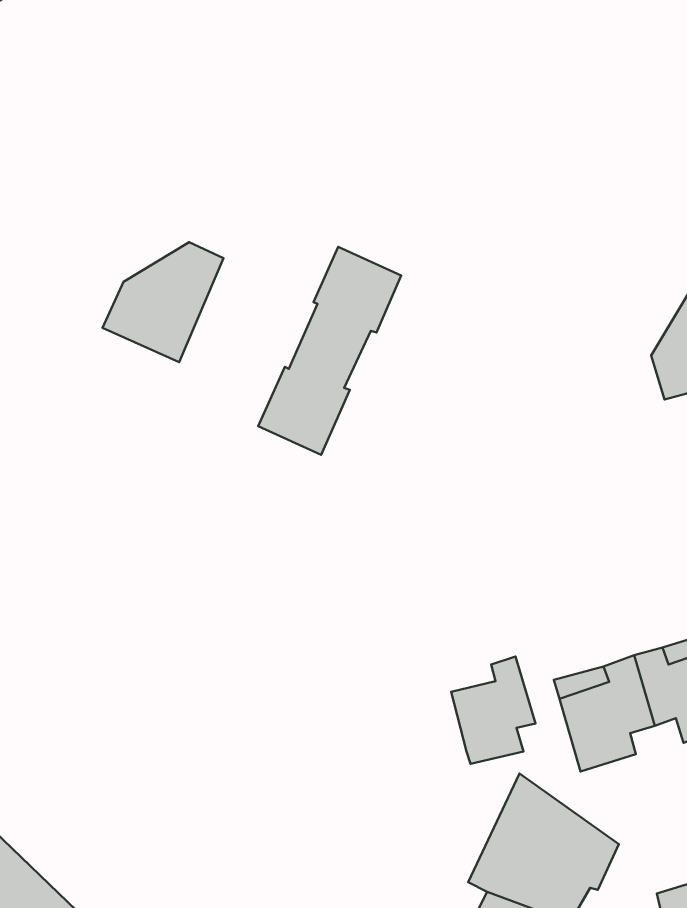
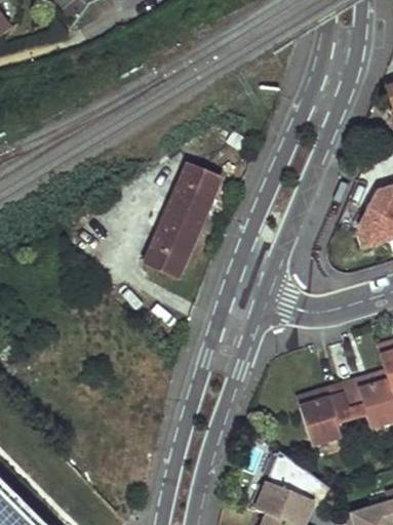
building: [103,242,224,362] -> none
building: [451,656,535,764] -> none

